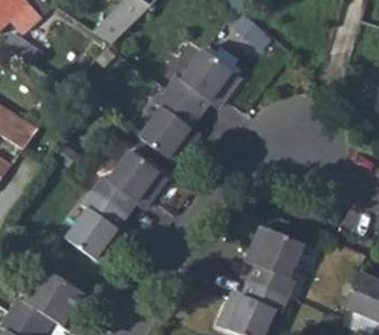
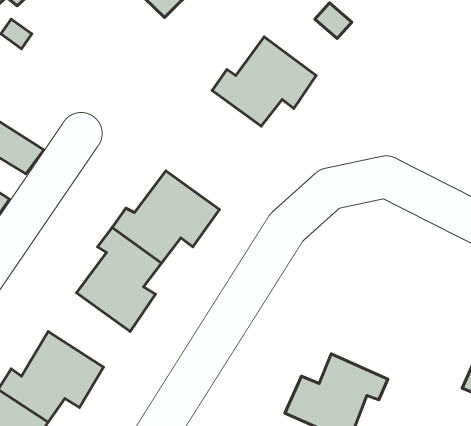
building: [134,86,197,163] -> none
building: [246,224,306,299] -> none

